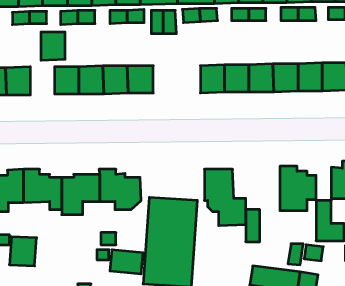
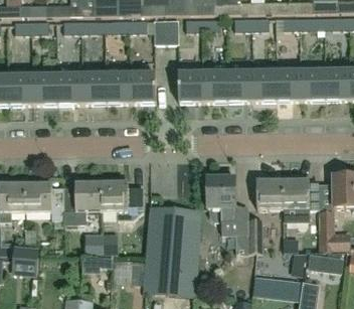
building: [41,32,65,60] -> [32,75,56,104]
building: none -> [177,74,202,102]
building: none -> [255,180,282,207]

